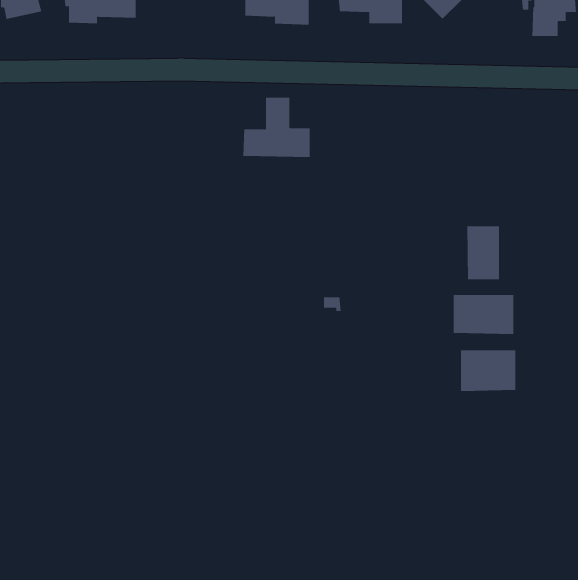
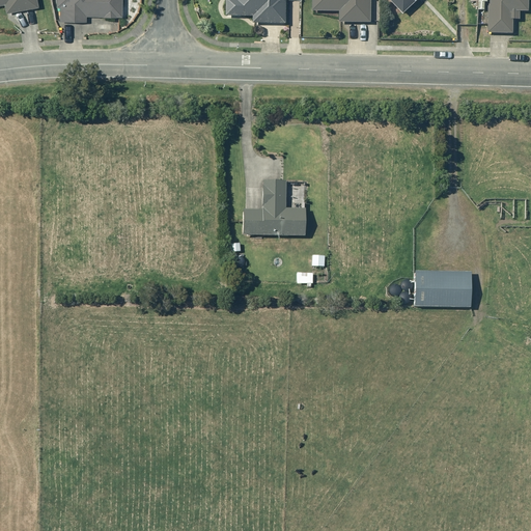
building: [242,97,311,157] -> [243,178,305,233]
building: [467,225,499,280] -> none
building: [460,350,516,392] -> none

